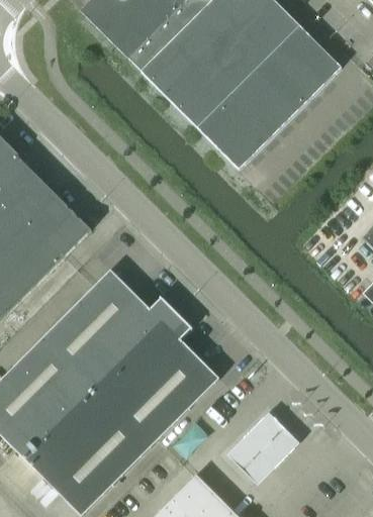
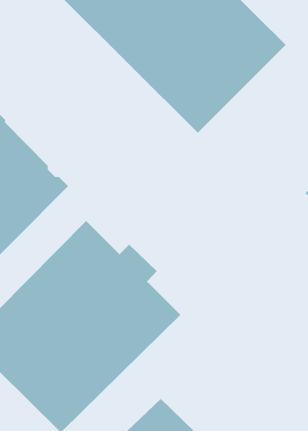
building: [224,412,296,483] -> none

